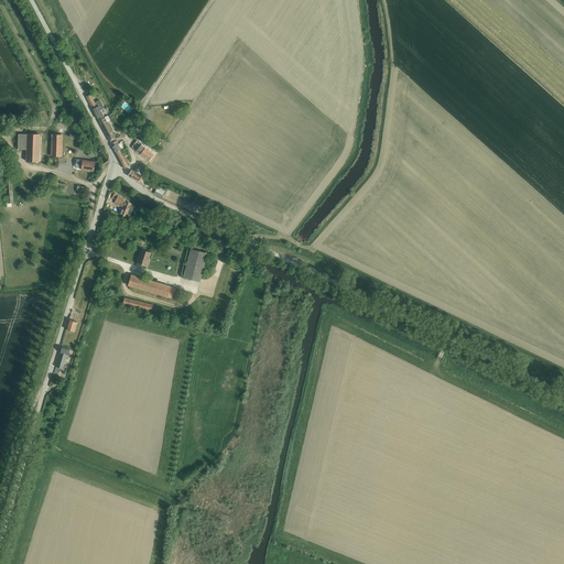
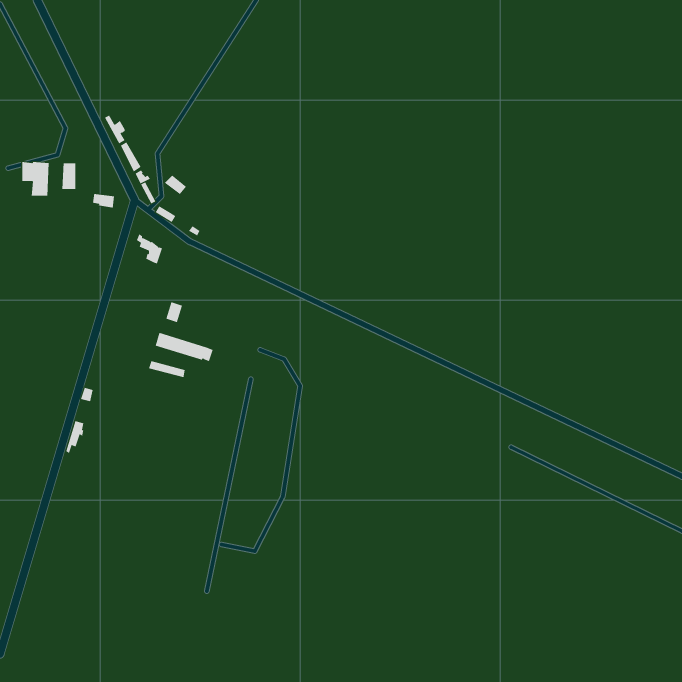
building: [183,249,208,282] -> none

